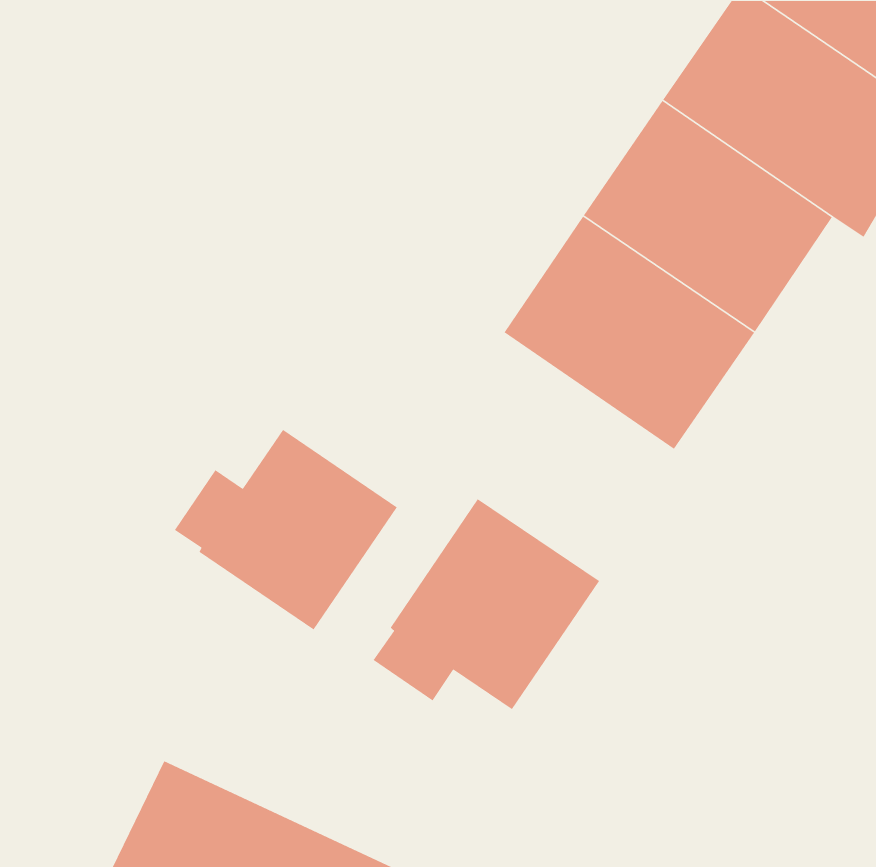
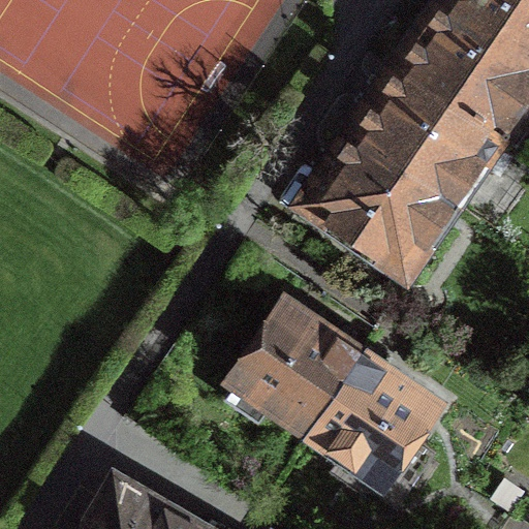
building: [174,429,398,630] -> none
building: none -> [310,356,436,500]

